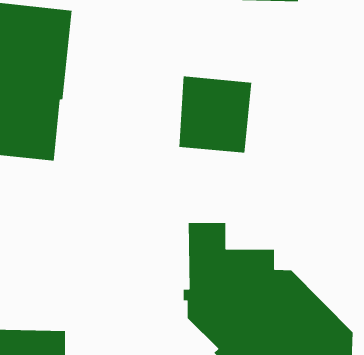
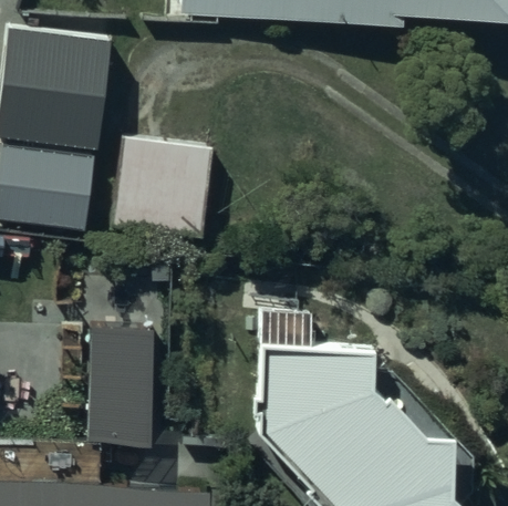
building: [179,76,252,153] -> [116,133,211,234]
building: none -> [89,327,153,444]

